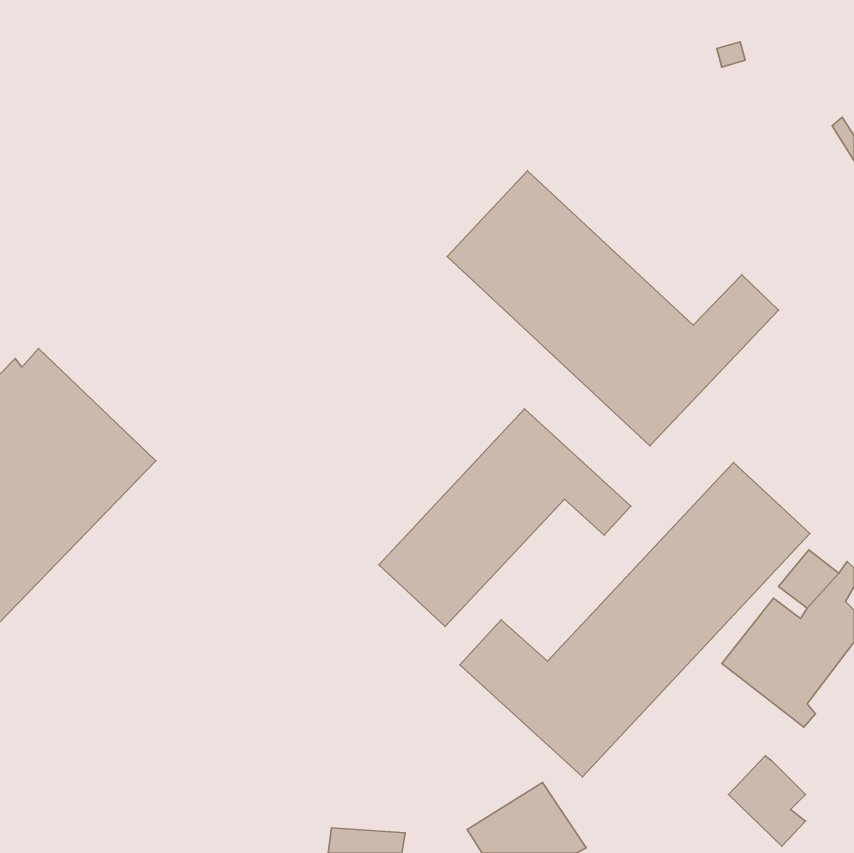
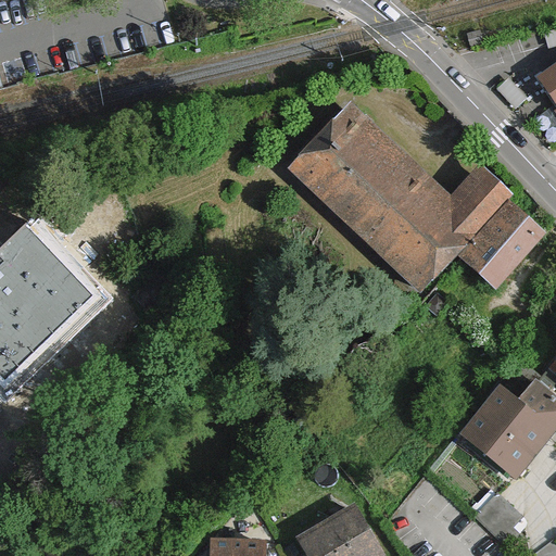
building: none -> [460,210,538,281]
building: [379,409,631,626] -> none
building: [460,463,810,777] -> none

